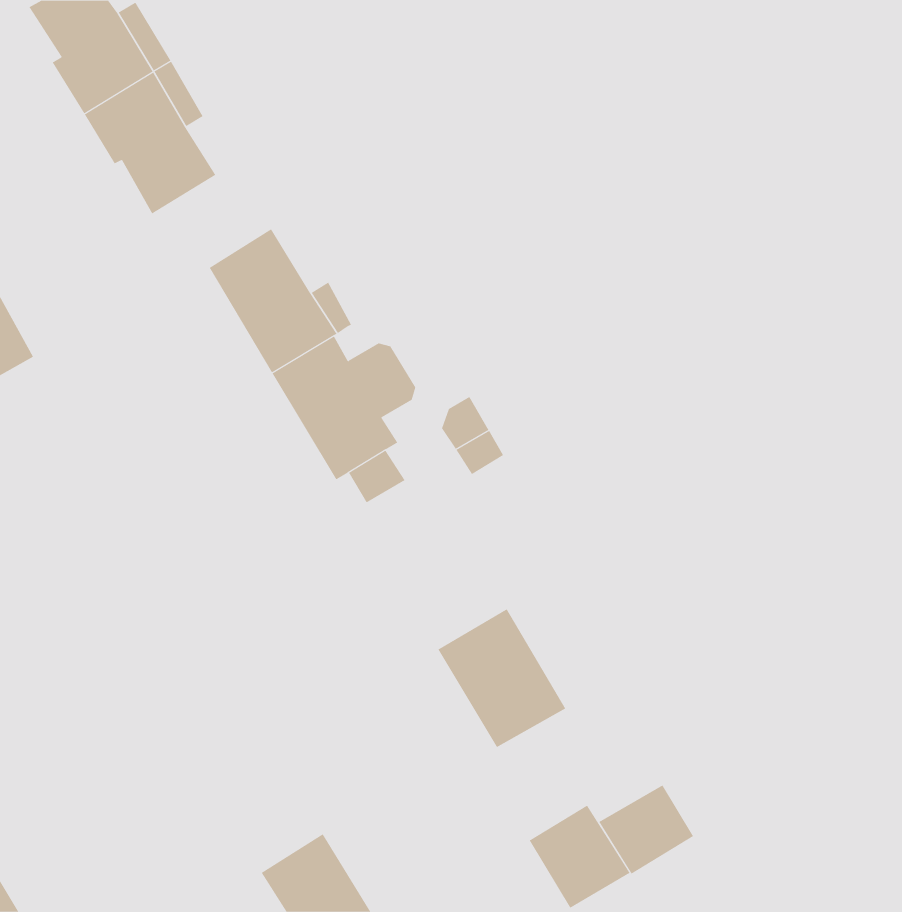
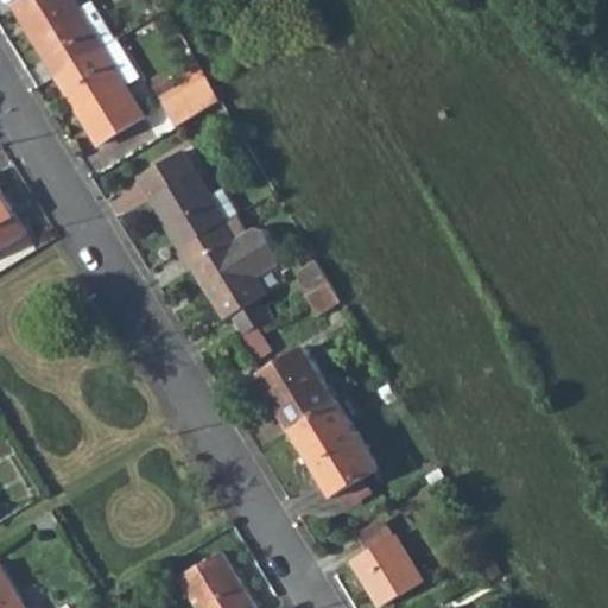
building: none -> [162,81,217,128]
building: none -> [259,349,337,432]
building: [599,785,694,874] -> none

